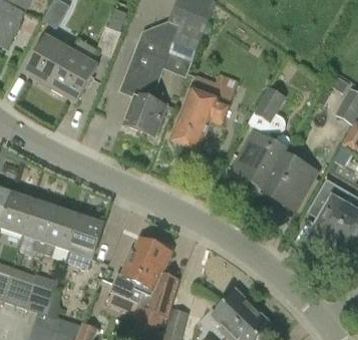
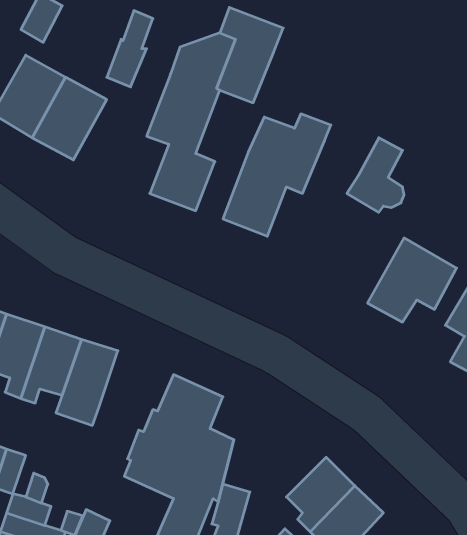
building: [231,128,287,192] -> none

